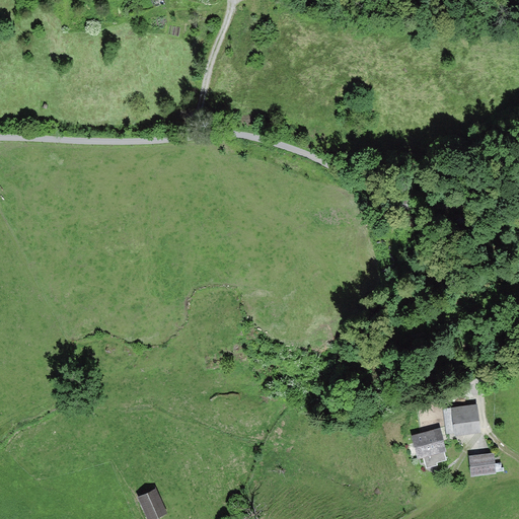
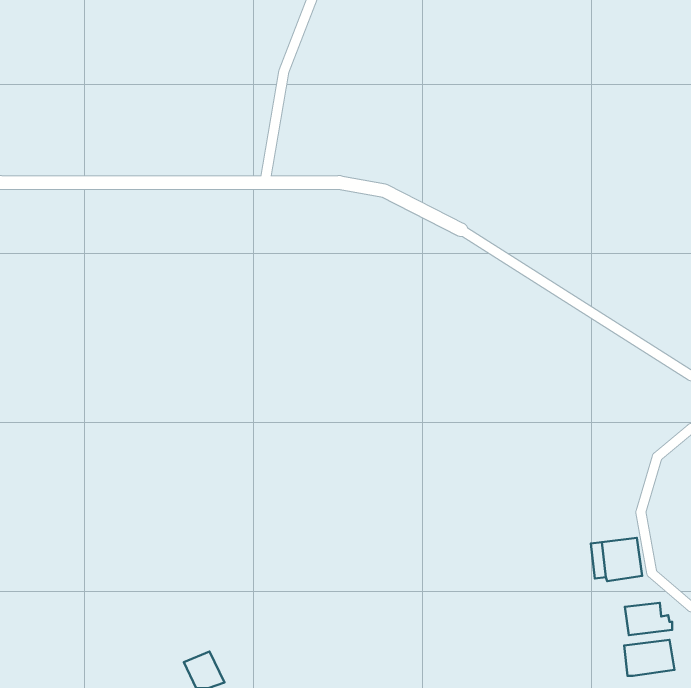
building: [411,428,446,459] -> none
building: none -> [624,640,674,676]

